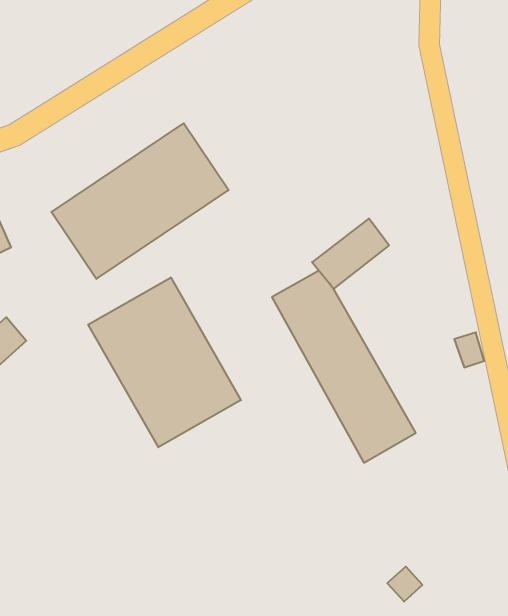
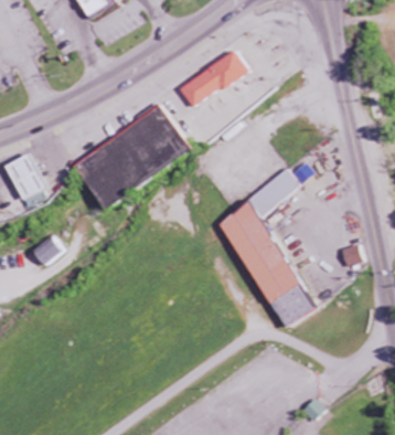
building: none -> [177,50,248,107]
building: [88,277,241,447] -> none

